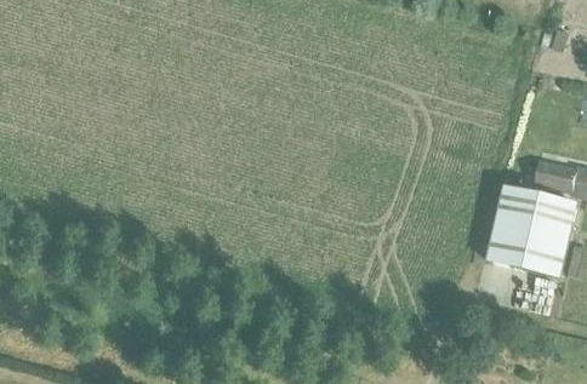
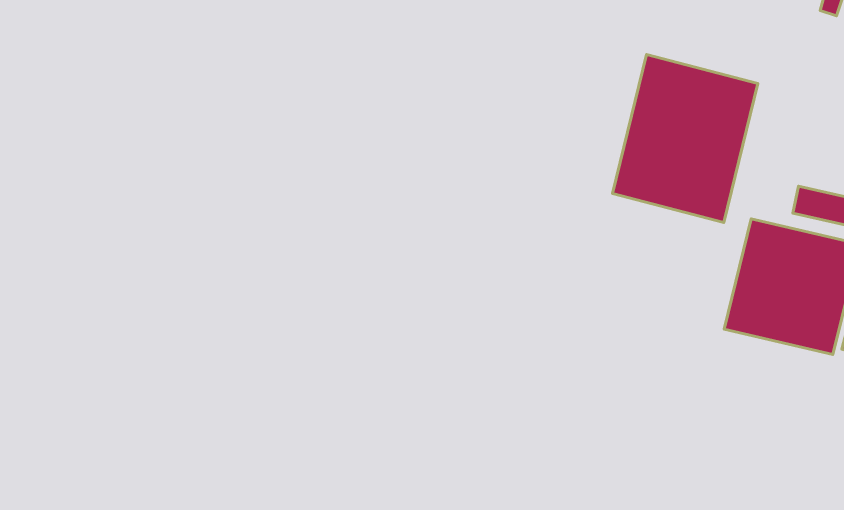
building: none -> [612,55,758,223]

